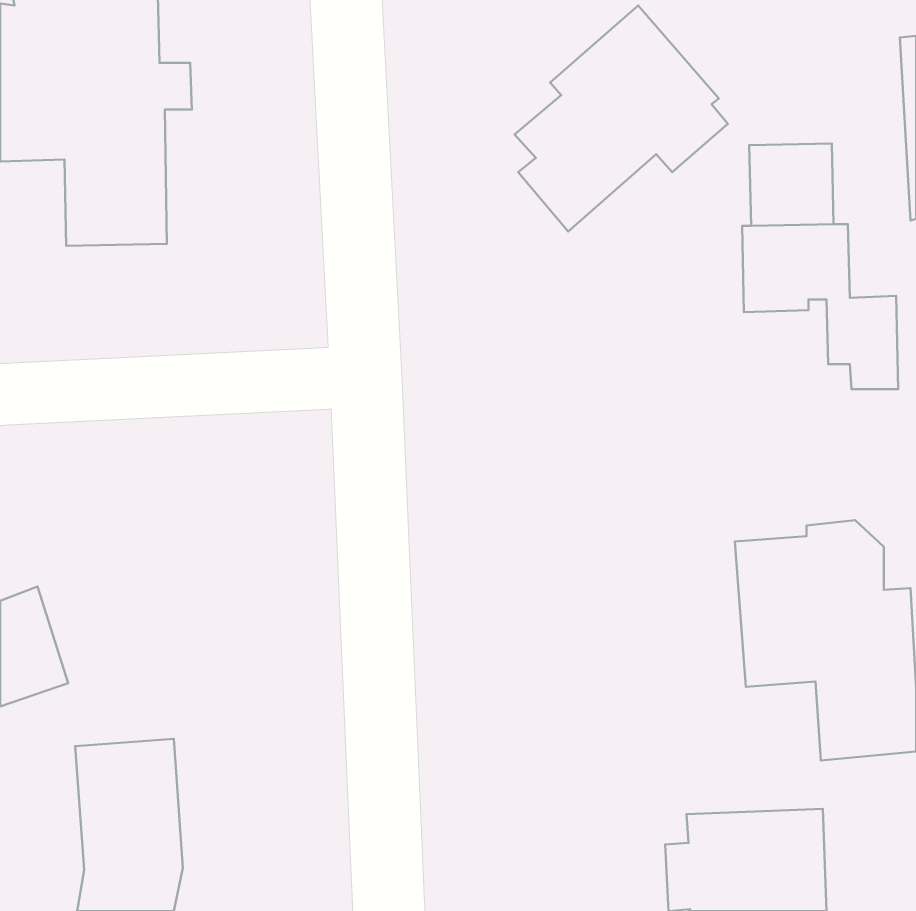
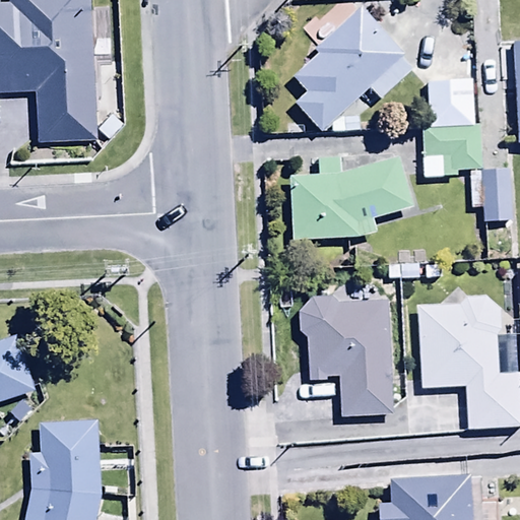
building: none -> [288,154,411,240]
building: none -> [298,297,393,416]

